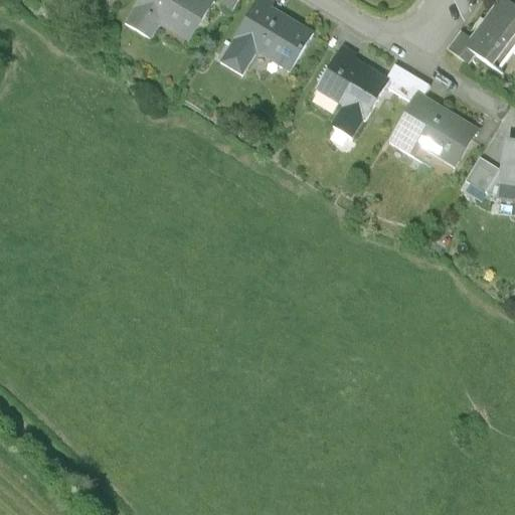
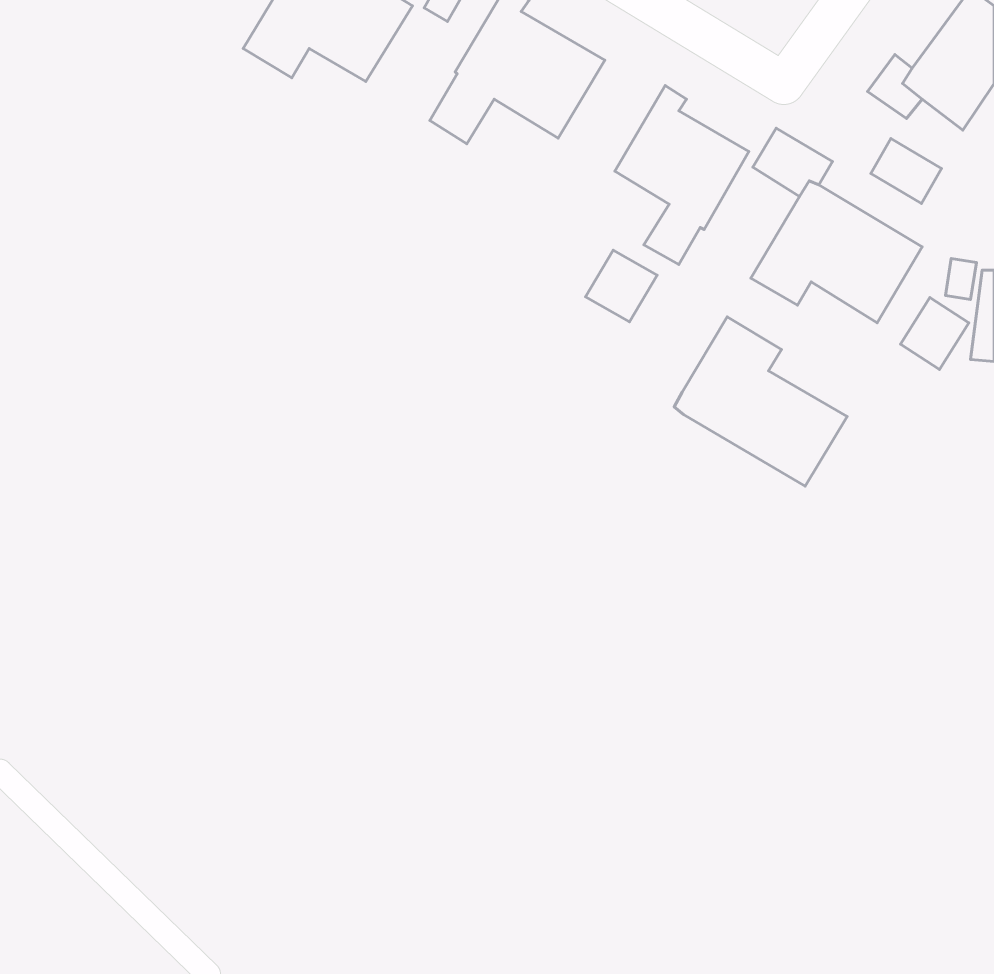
building: none -> [871,138,941,204]
building: none -> [585,250,657,322]
building: none -> [674,317,847,486]

